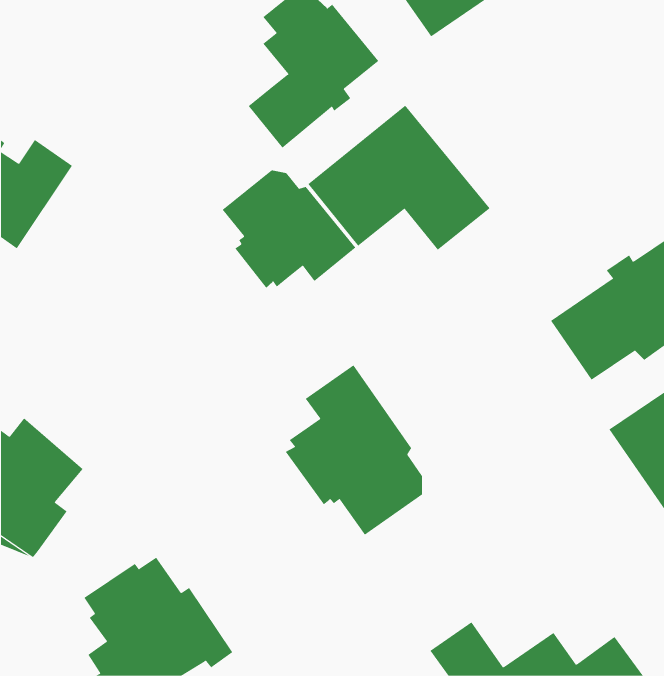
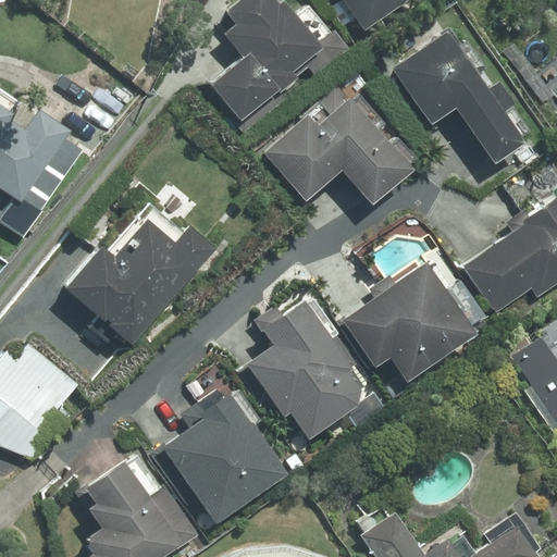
building: none -> [392,30,524,164]
building: [222,169,356,289] -> none
building: none -> [64,218,213,345]
building: none -> [342,262,475,382]
building: none -> [162,392,287,522]

